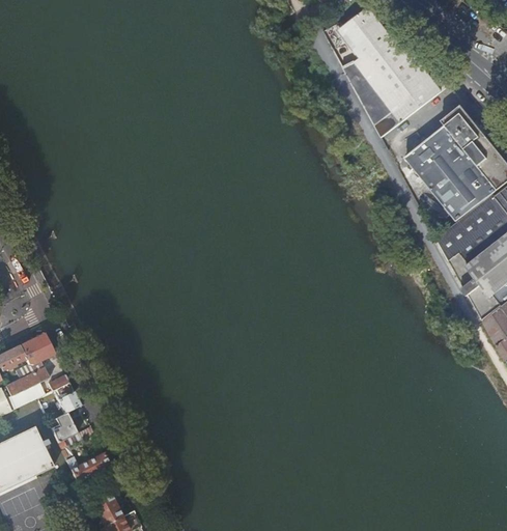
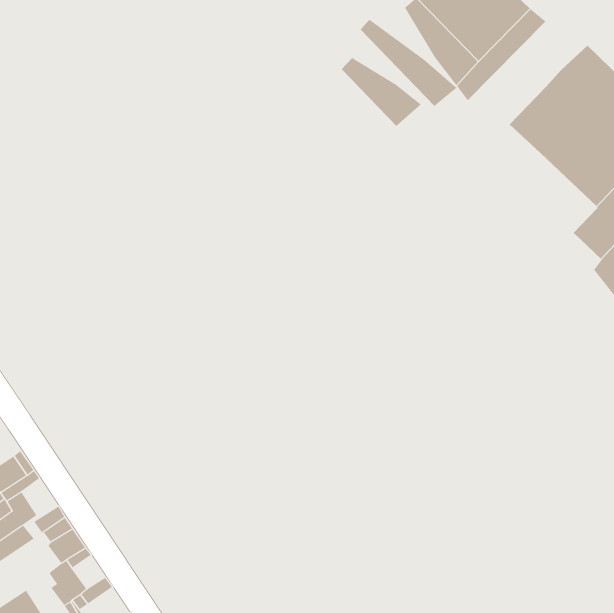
building: none -> [360,19,457,107]
building: none -> [341,57,422,127]

